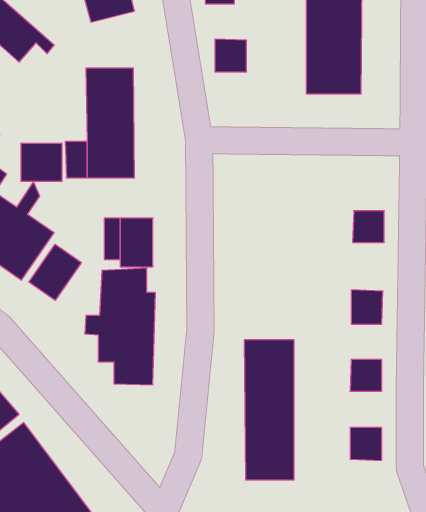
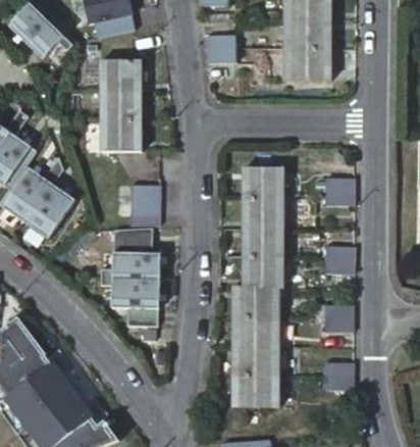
building: [21,143,62,182] -> none
building: none -> [245,168,281,288]
building: [29,244,81,300] -> none

